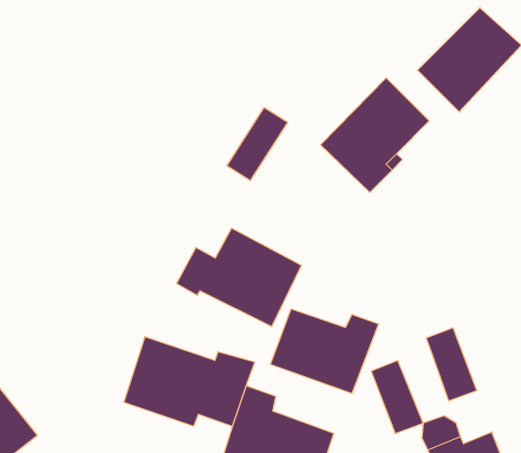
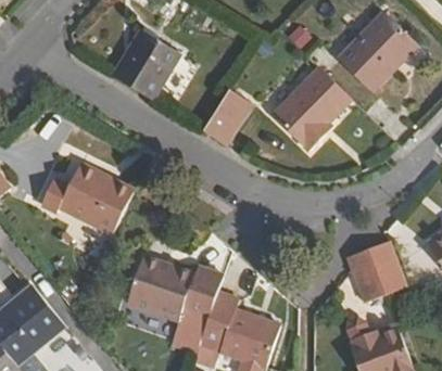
building: none -> [113,33,181,103]
building: [176,228,302,327] -> [42,165,134,236]
building: [270,309,378,393] -> none
building: [371,361,423,434] -> [367,242,405,295]

